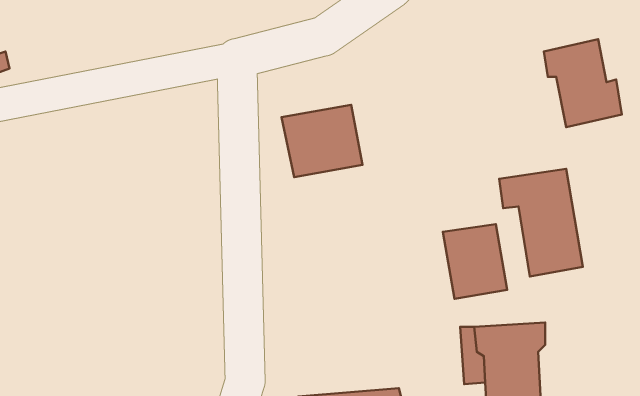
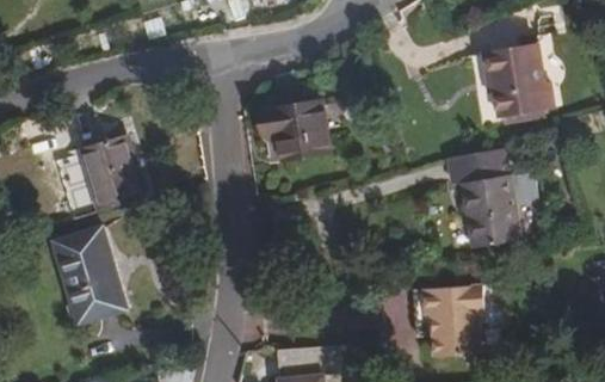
building: none -> [80,136,143,211]
building: [443,224,507,299] -> none
building: none -> [51,223,130,325]

